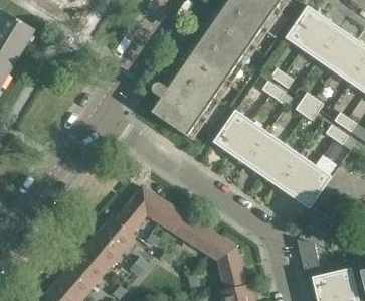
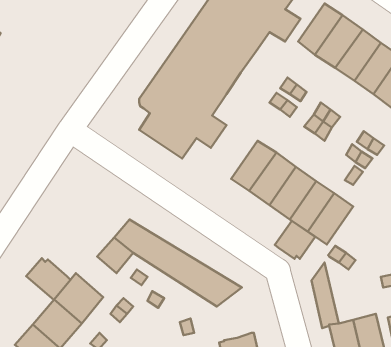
building: [213,110,251,153] -> none
building: none -> [275,221,315,259]
building: [99,217,136,253] -> [26,258,70,300]
building: [217,245,246,289] -> none

